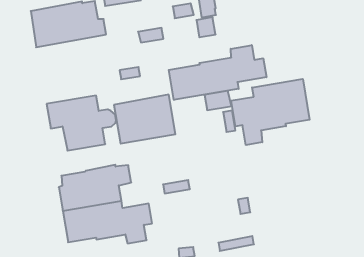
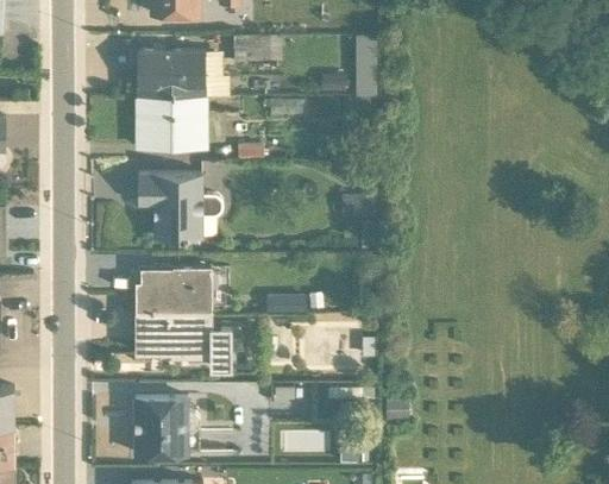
building: [169,45,266,100] -> none
building: [231,79,310,145] -> none
building: [114,95,175,144] -> [133,98,206,150]

